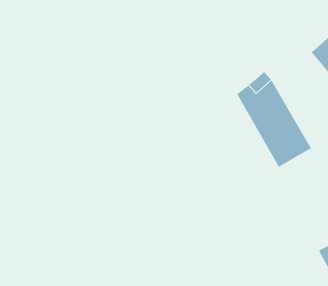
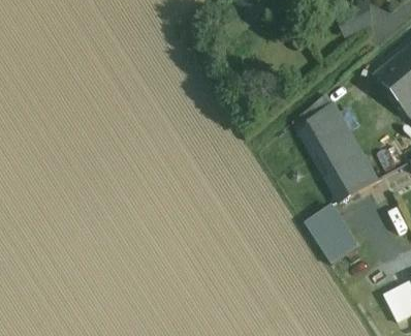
building: none -> [305,210,350,263]

